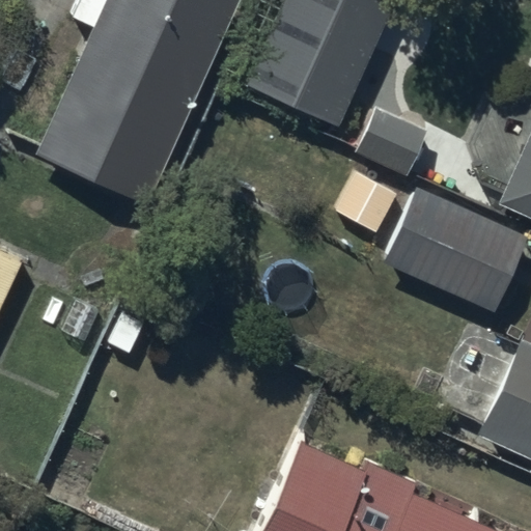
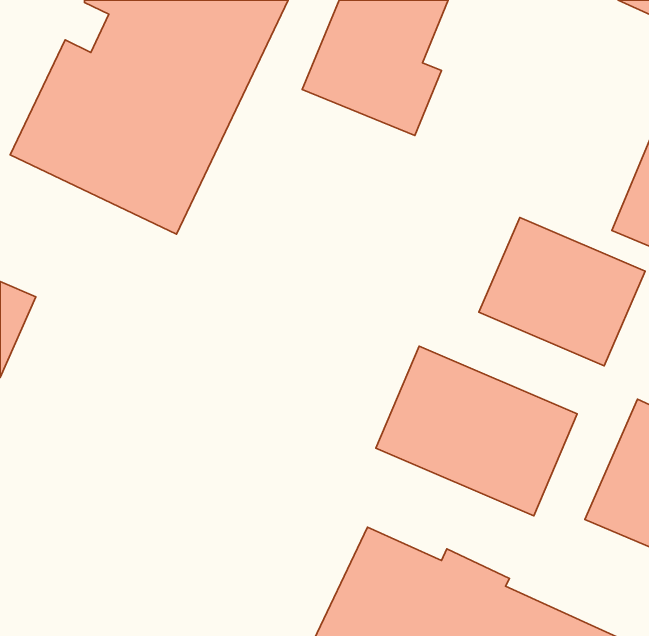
building: none -> [376,346,577,516]

